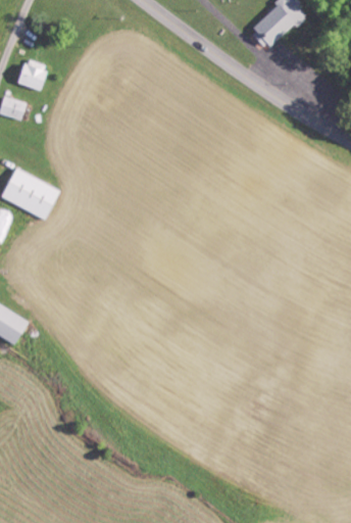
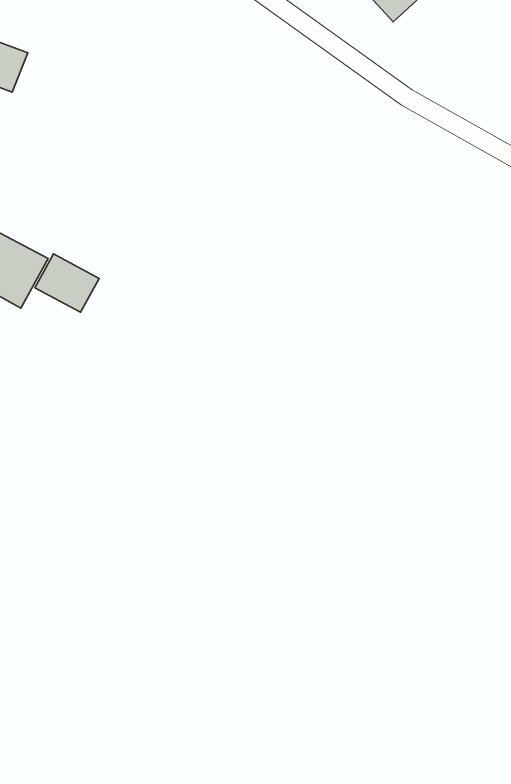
building: none -> [35,254,99,312]

